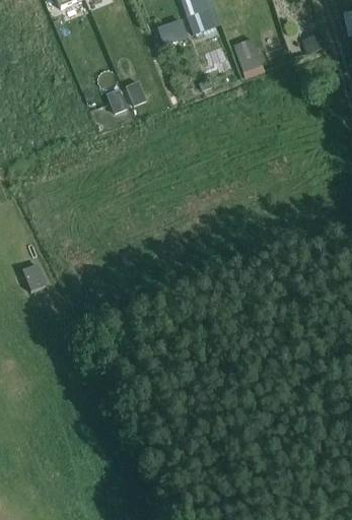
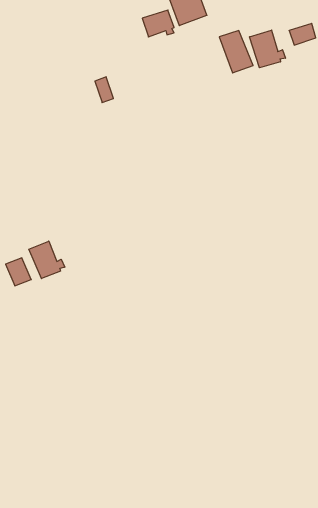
building: none -> [250,30,285,68]
building: none -> [29,241,65,279]

